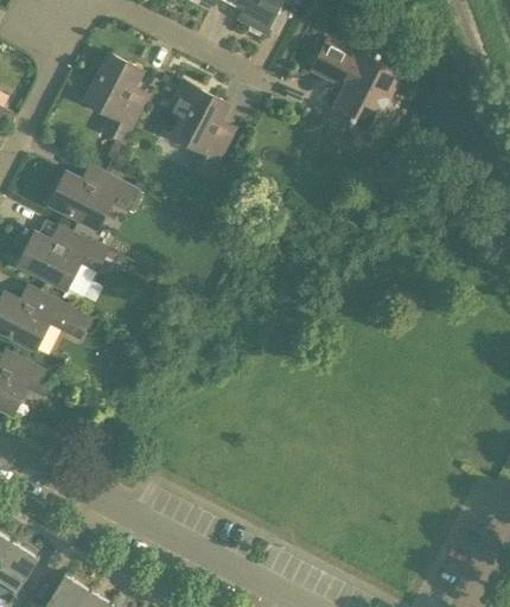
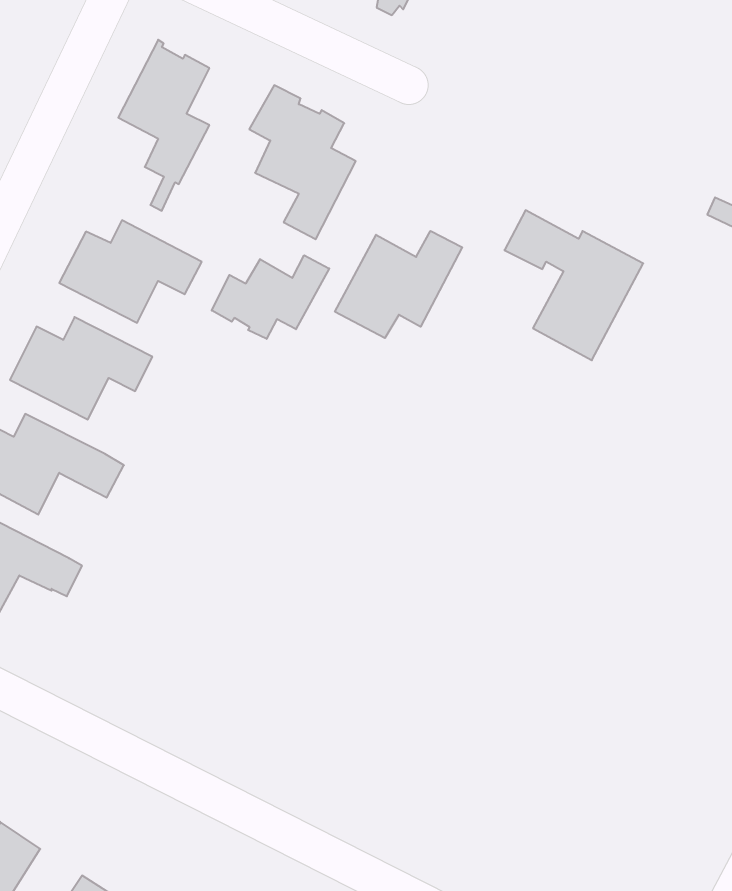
building: [313,40,400,134] -> [504,210,643,360]
building: none -> [335,231,462,338]
building: none -> [212,255,329,339]

